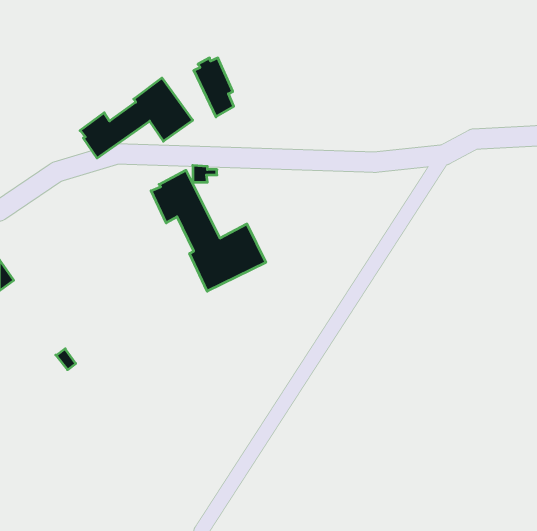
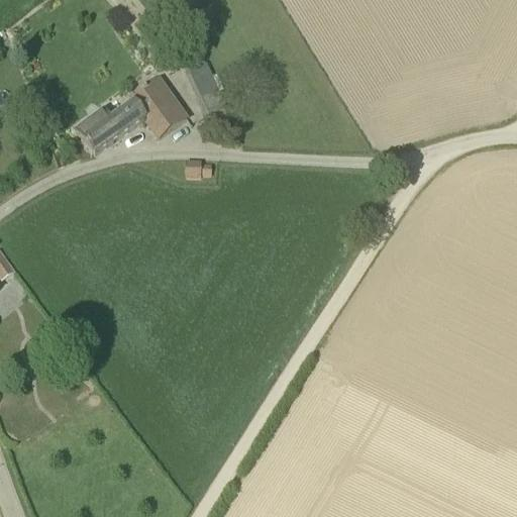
building: [151,170,266,291] -> none

